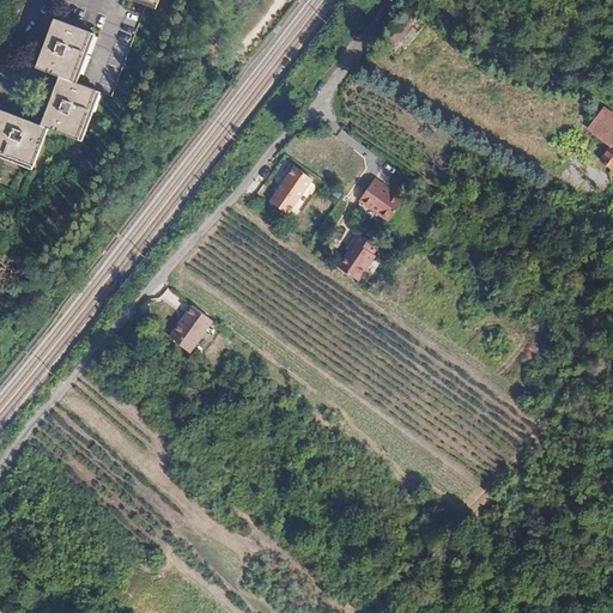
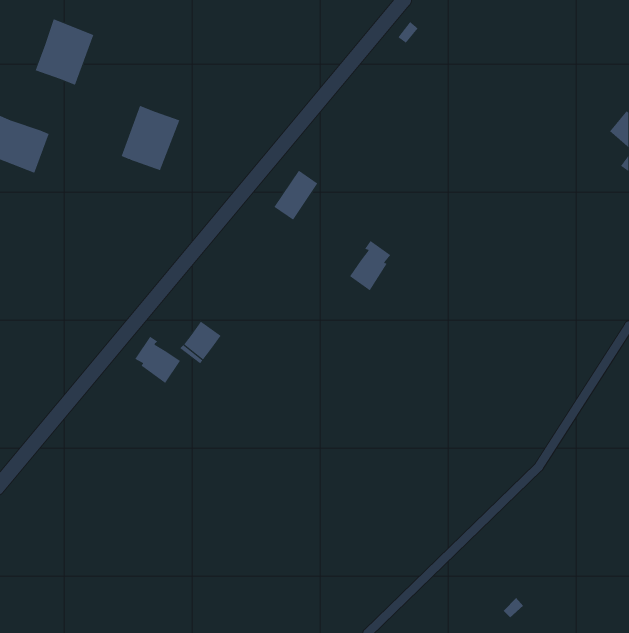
building: [40,77,97,140] -> [121,105,180,171]
building: [358,178,403,221] -> none
building: none -> [134,336,181,384]

